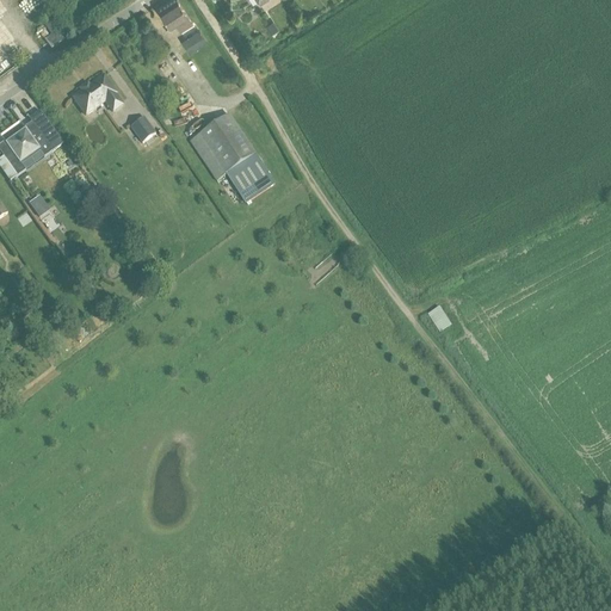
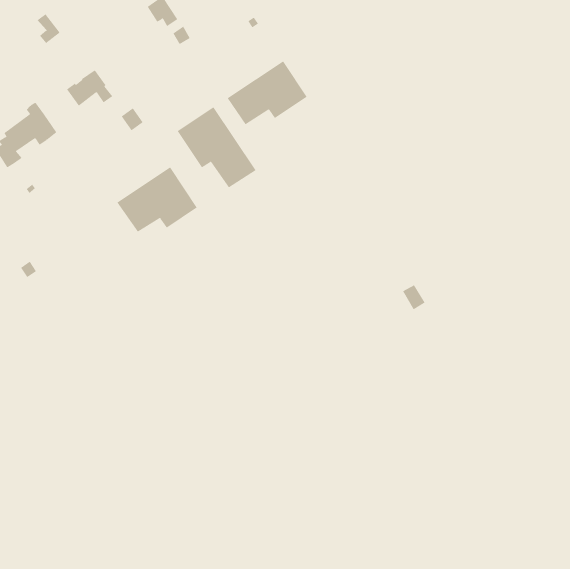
building: none -> [227,60,308,125]
building: none -> [117,166,198,233]

